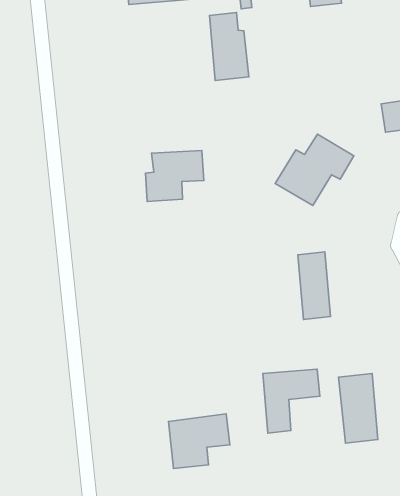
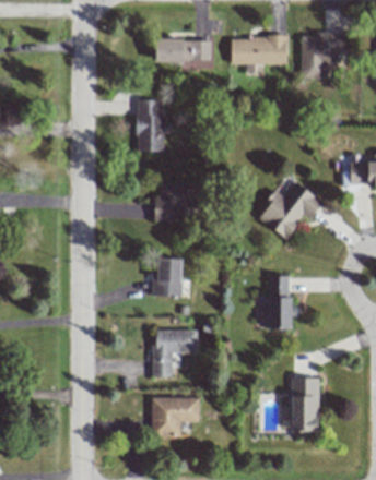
building: [209,13,249,80] -> [137,99,164,152]
building: none -> [152,257,183,297]
building: [263,369,320,433] -> [153,329,198,377]

